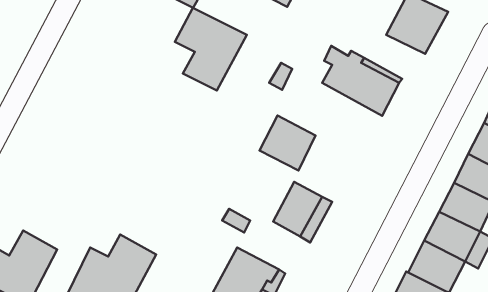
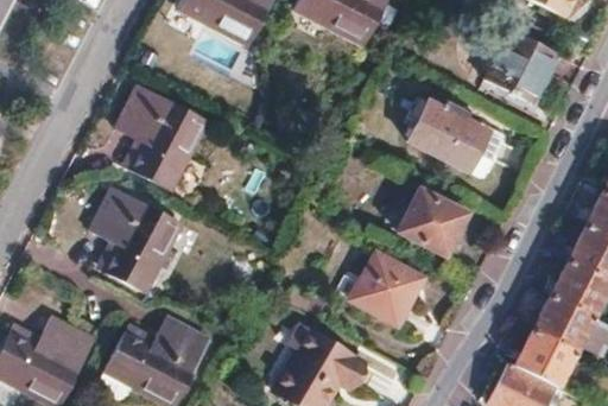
building: [175,8,247,91] -> [120,88,205,186]
building: [259,116,315,171] -> [397,186,463,252]
building: none -> [99,189,184,290]

